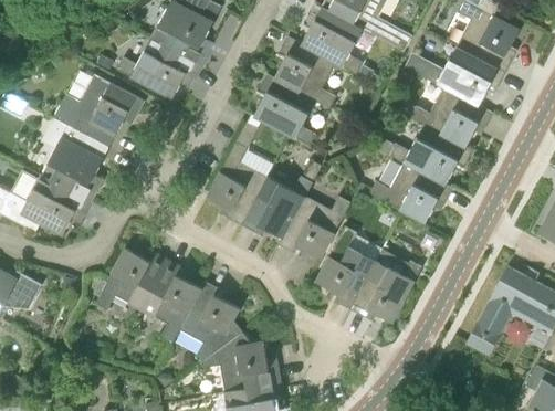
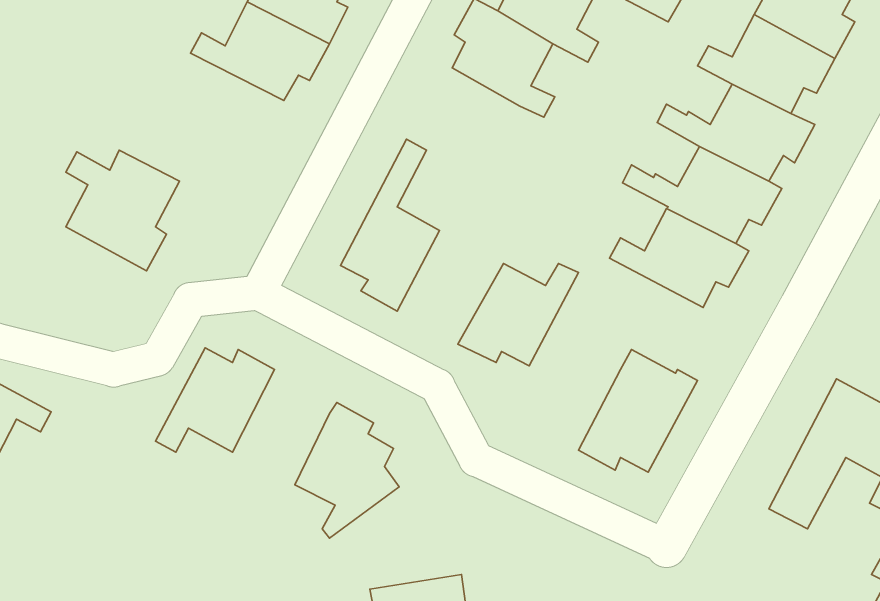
building: [253,73,316,146] -> none
building: [60,74,143,146] -> none
building: [241,160,322,236] -> none
building: [7,173,90,234] -> none
building: [315,225,376,308] -> none
building: [142,260,200,344] -> none
building: [200,330,280,392] -> none

